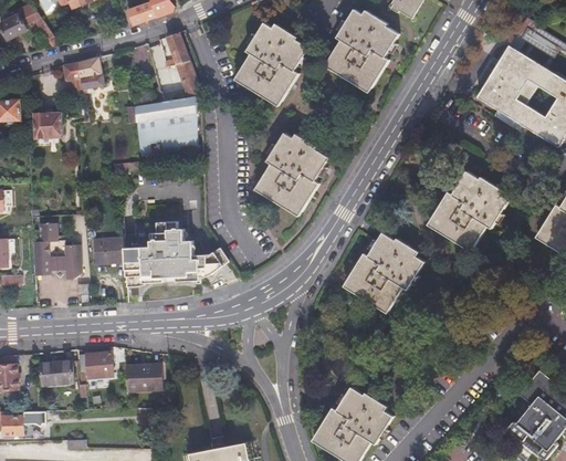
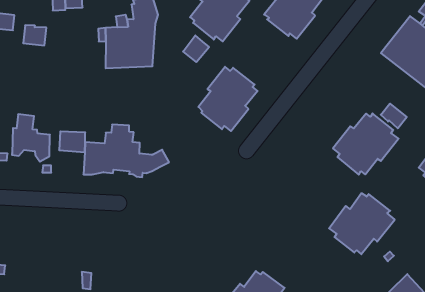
building: none -> [183,35,209,62]
building: none -> [381,104,407,128]
building: [346,239,426,314] -> [329,193,395,254]
building: [75,353,109,386] -> none
building: [38,362,71,386] -> none
building: [124,366,159,390] -> none

